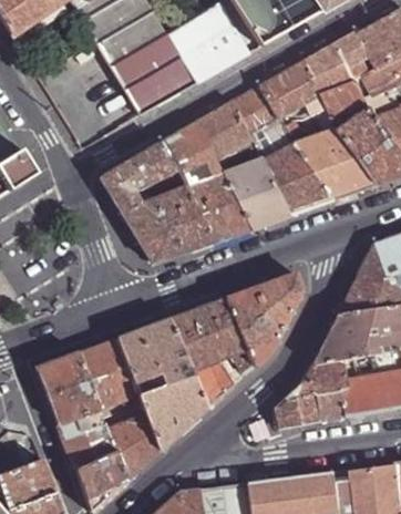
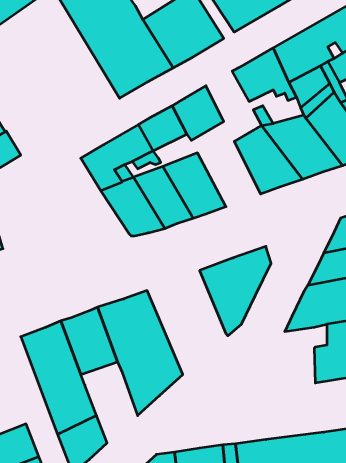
building: [230,88,277,138] -> none
building: [222,161,288,230] -> none
building: [168,298,254,408] -> none
building: [275,358,346,428] -> none
building: [103,404,158,480] -> none

